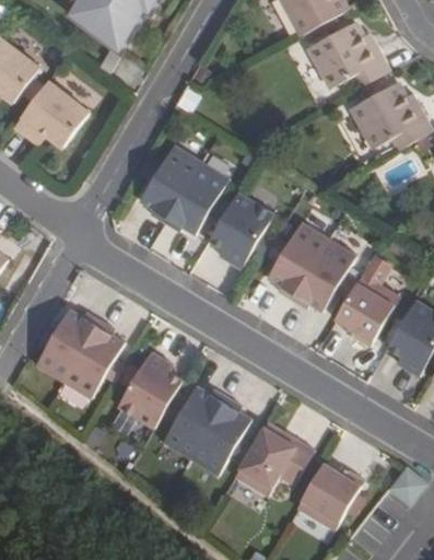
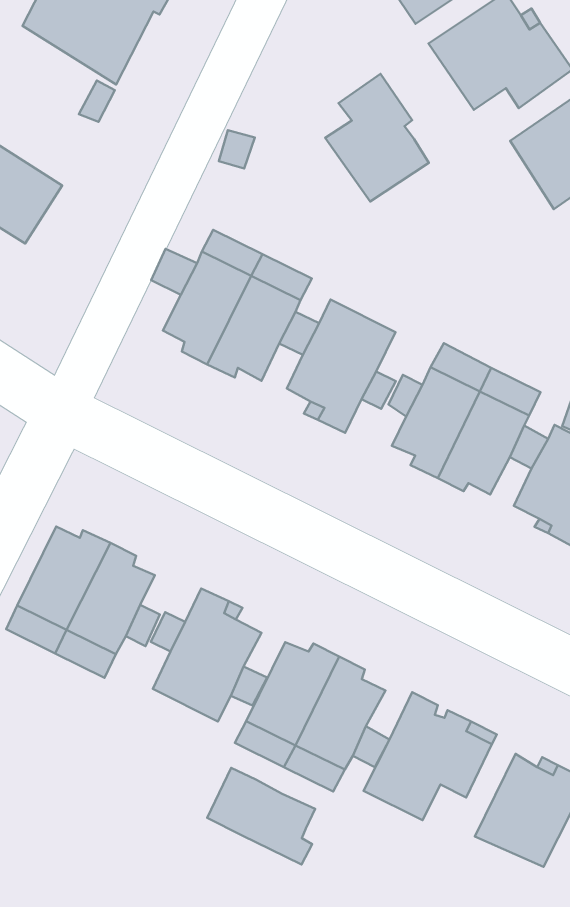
building: none -> [325,74,429,202]
building: none -> [207,768,315,865]

